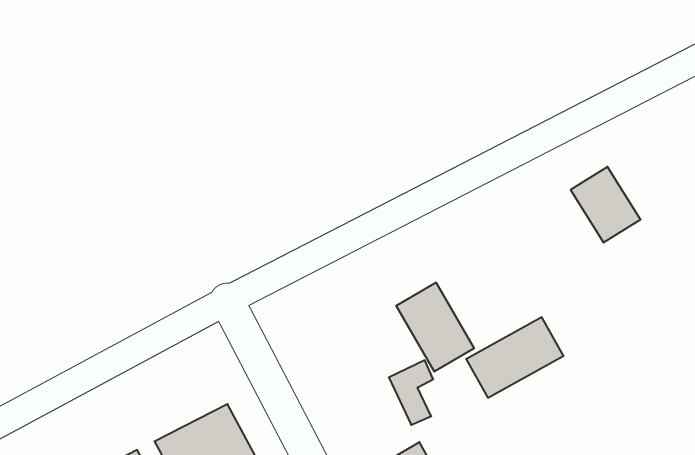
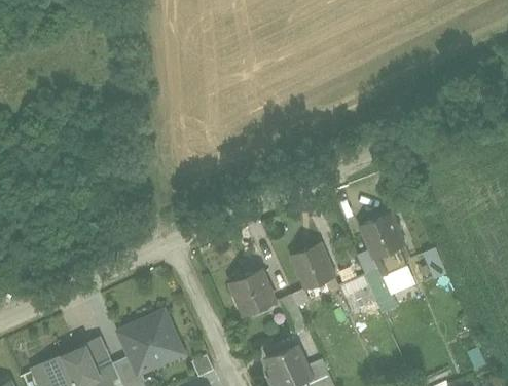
building: [571,167,641,243] -> [363,210,410,263]
building: none -> [227,268,277,317]

